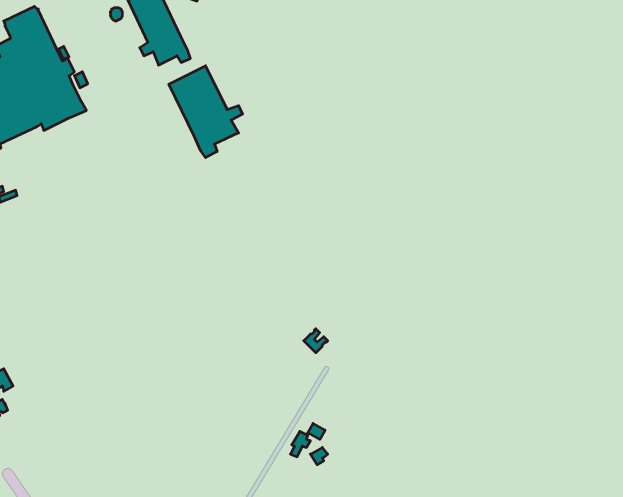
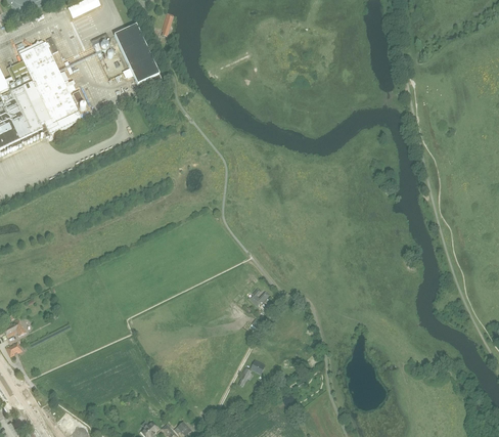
building: [169,66,243,158] -> none

